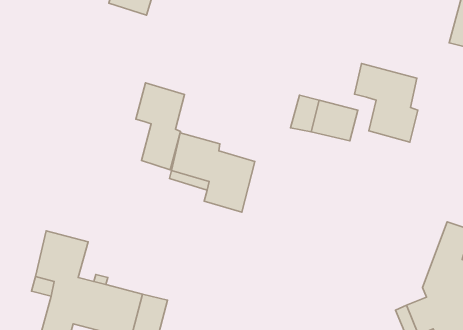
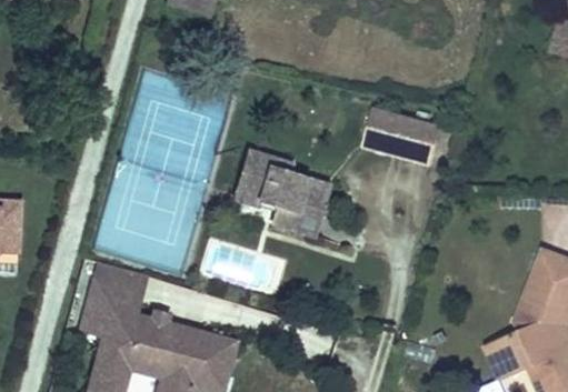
building: [354,63,418,142] -> none
building: [136,83,184,170] -> none

